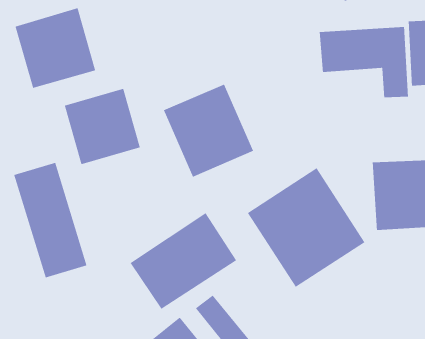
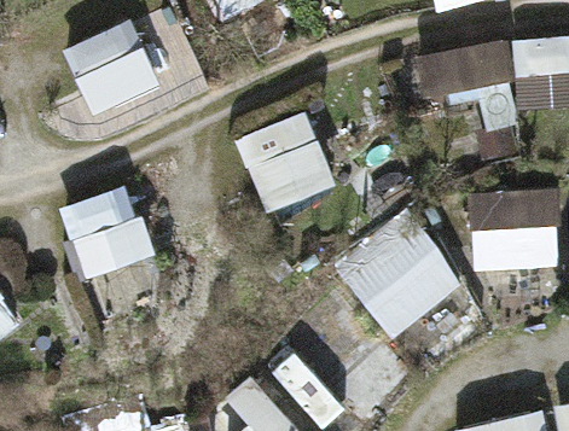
building: [64,88,141,165] -> none
building: [130,212,237,310] -> none

